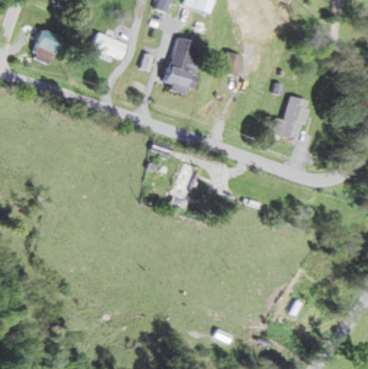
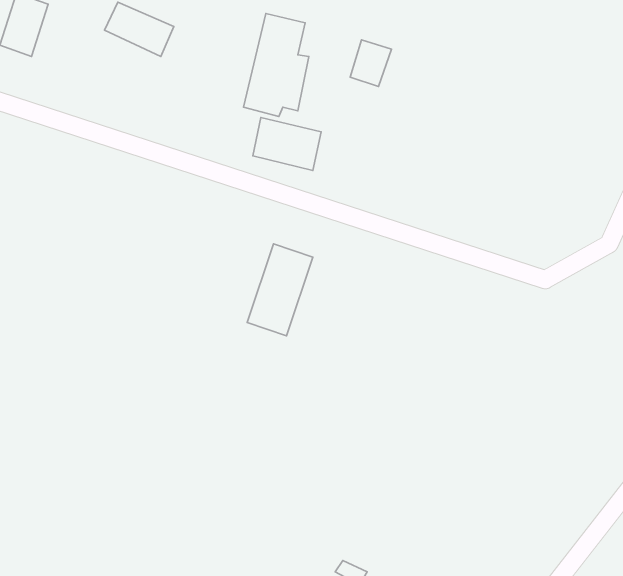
building: none -> [253,117,321,170]
building: [272,95,309,142] -> none

